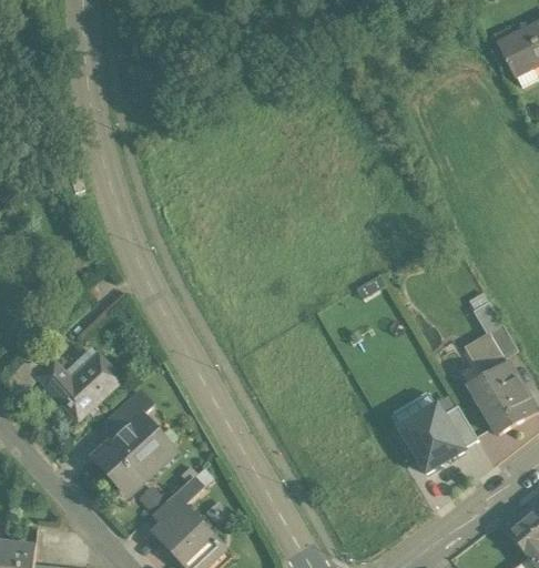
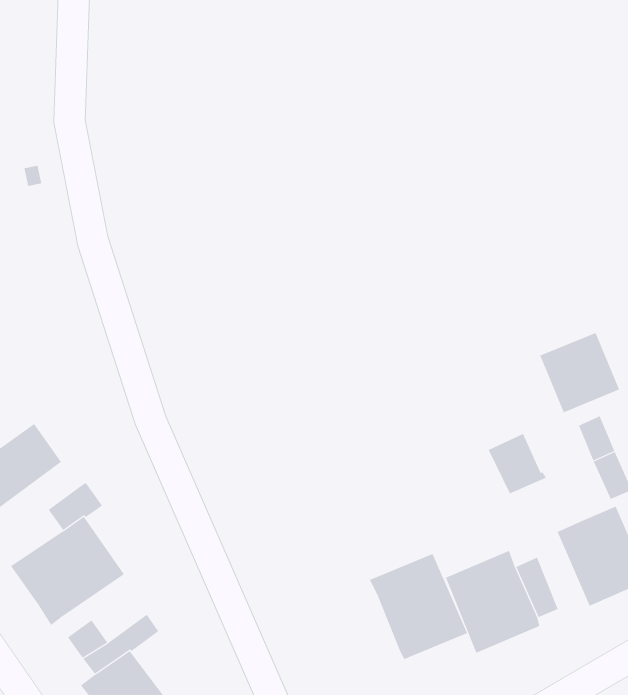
building: none -> [539,332,620,413]
building: [464,332,507,375] -> [488,433,547,494]
building: none -> [369,553,468,660]

